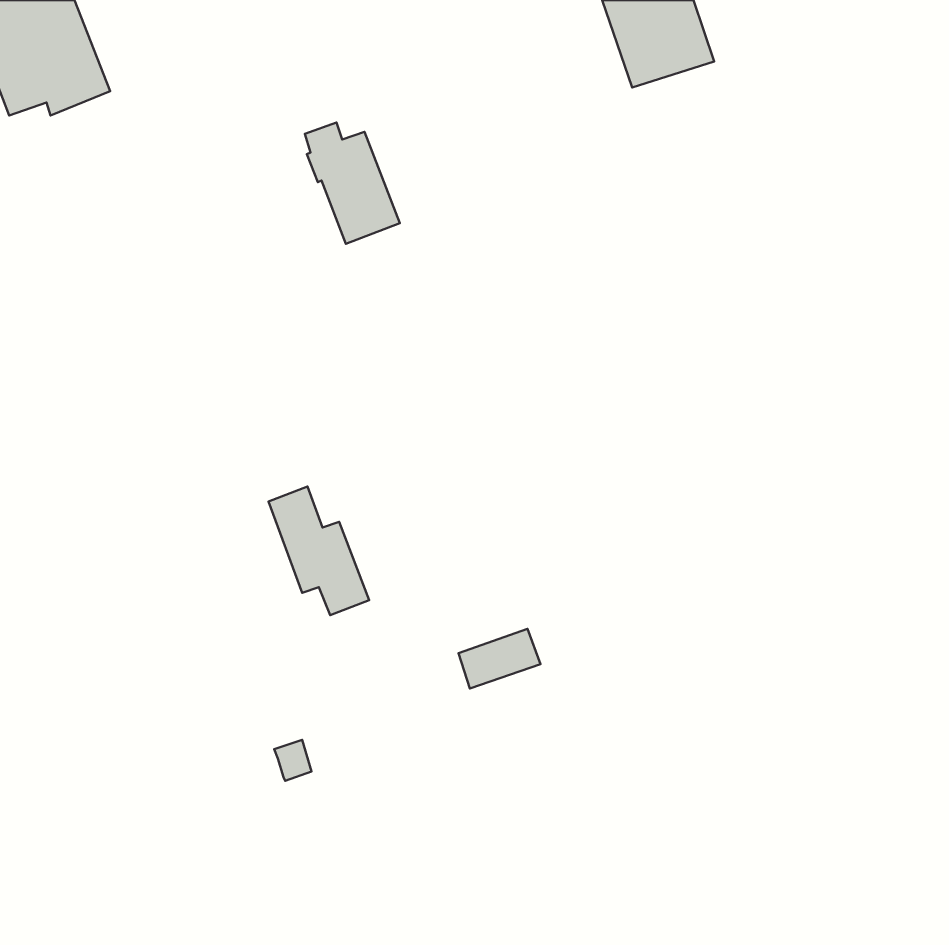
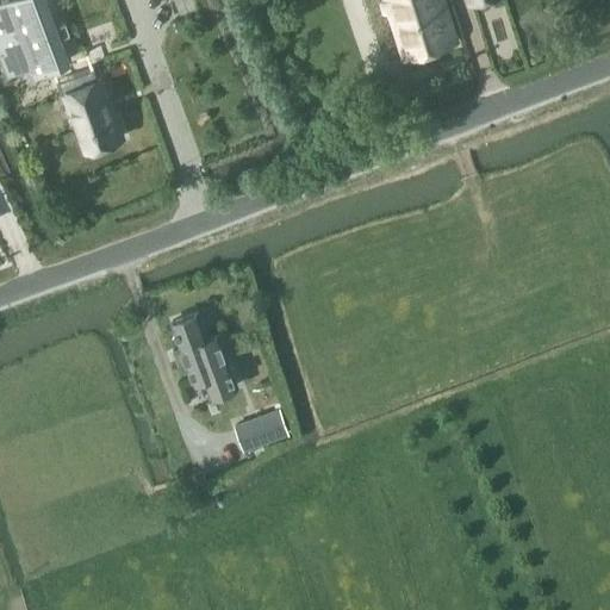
building: [305,123,400,244] -> [60,73,120,150]
building: [459,629,541,689] -> [235,413,287,452]

